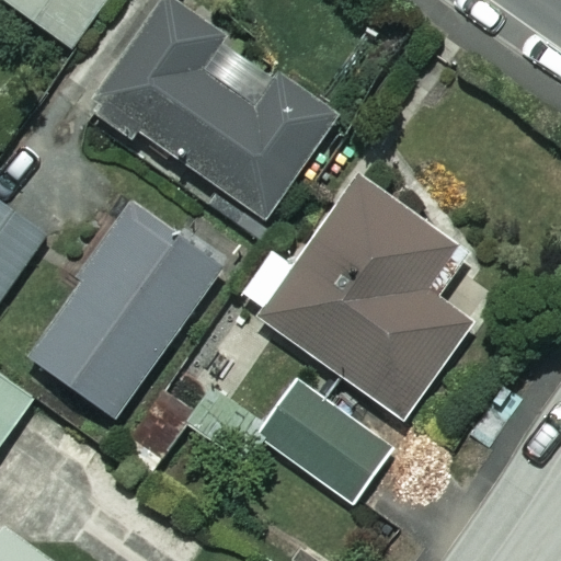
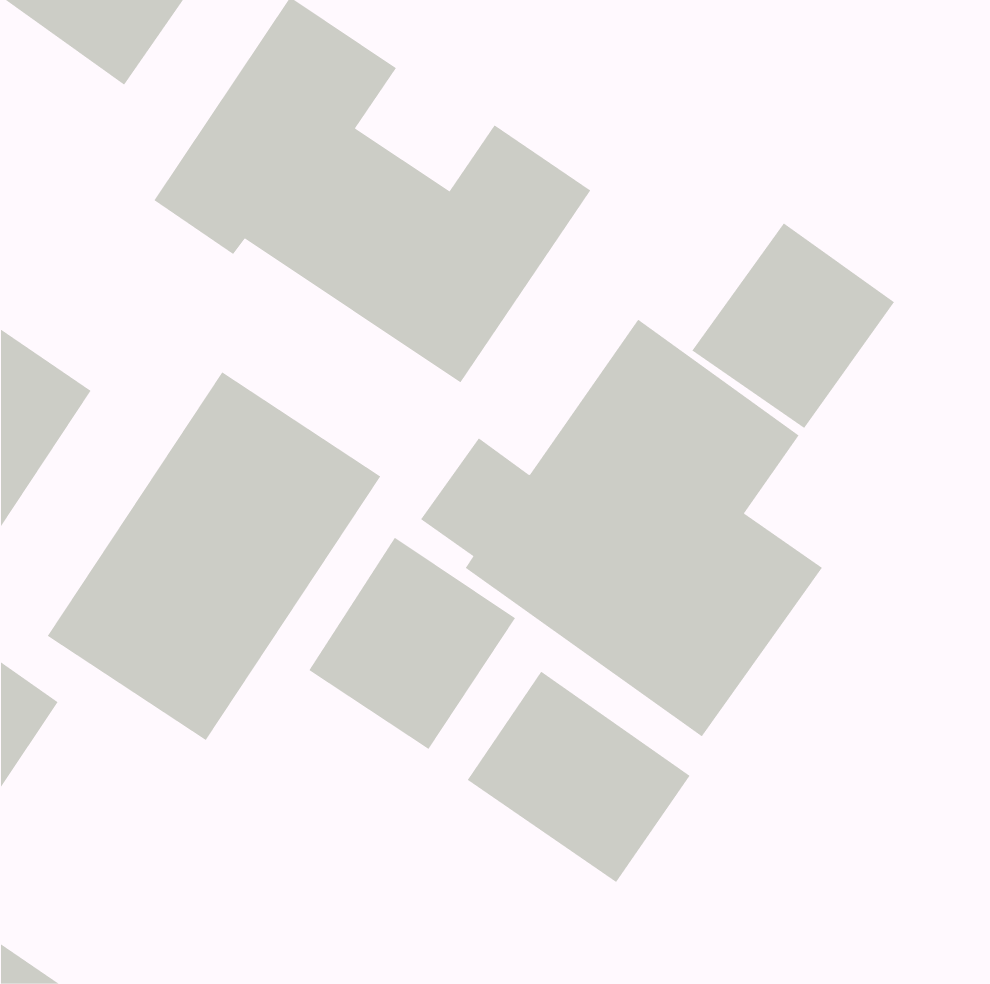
building: none -> [691,223,895,429]
building: none -> [309,537,516,750]

